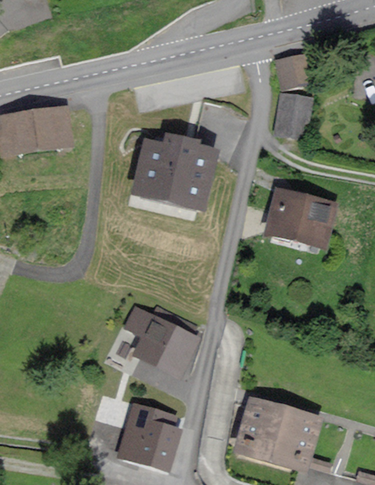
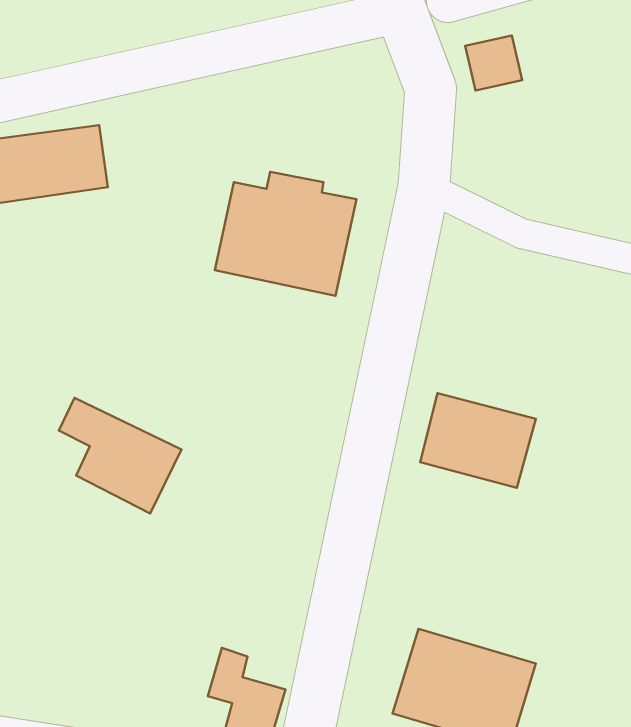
building: [276,96,310,135] -> none
building: [267,190,334,245] -> [420,393,536,488]
building: [126,308,197,375] -> [59,398,181,513]

